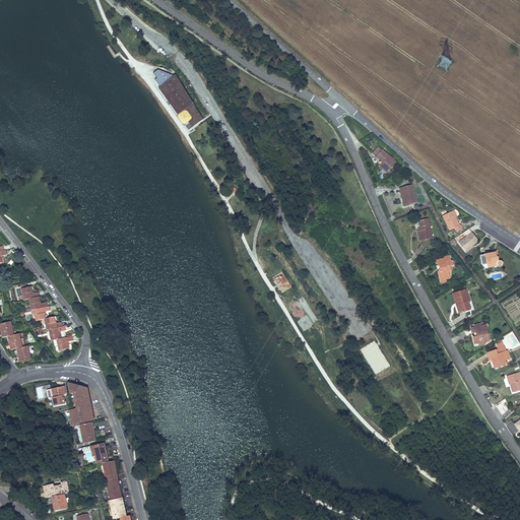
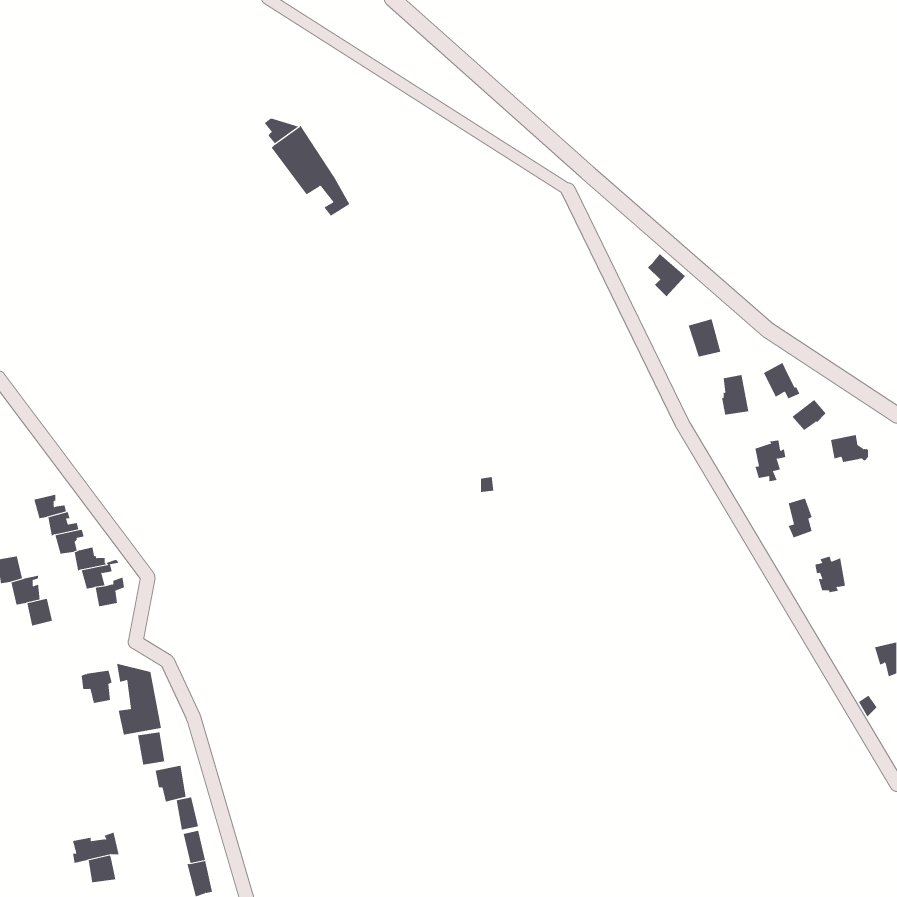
building: [360,339,389,374] -> none
building: [485,340,510,368] -> none

